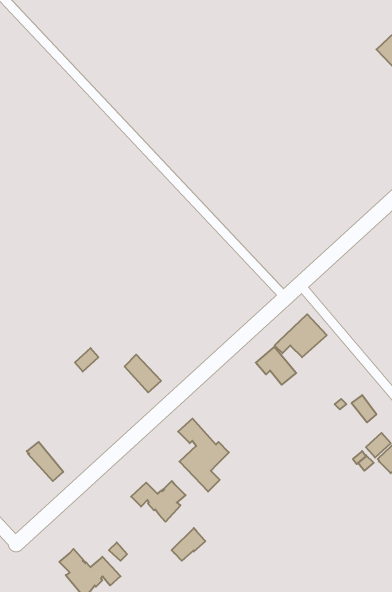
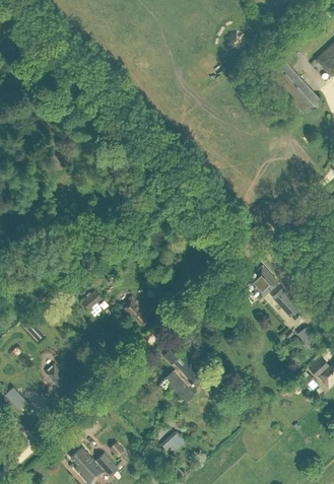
building: none -> [268,60,320,115]
building: [256,347,296,385] -> [268,288,299,318]
building: [131,481,186,522] -> none

